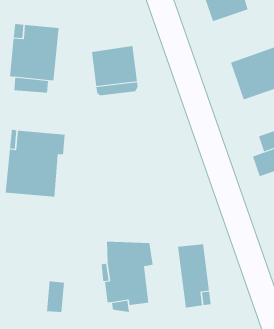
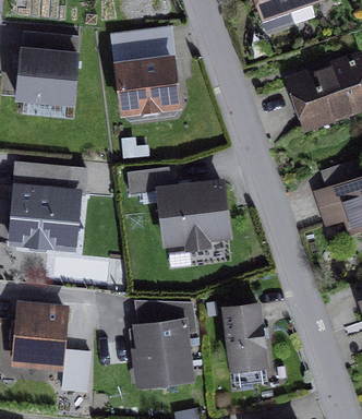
building: none -> [113,29,170,67]
building: none -> [128,167,228,247]
building: none -> [15,306,64,366]

